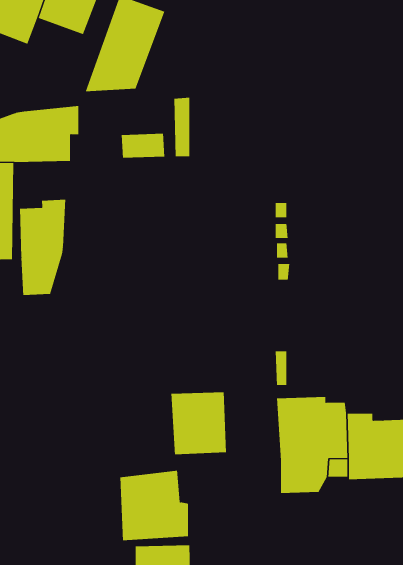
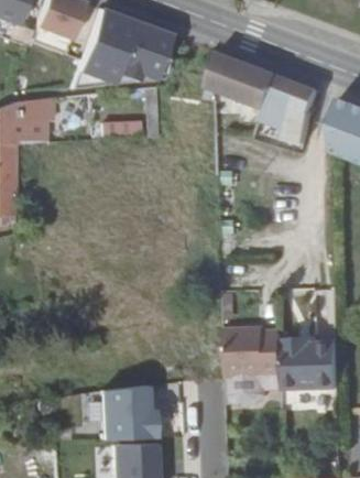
building: none -> [113,20,173,82]
building: none -> [208,52,318,142]
building: [20,199,66,296] -> none
building: [171,391,226,455] -> none

